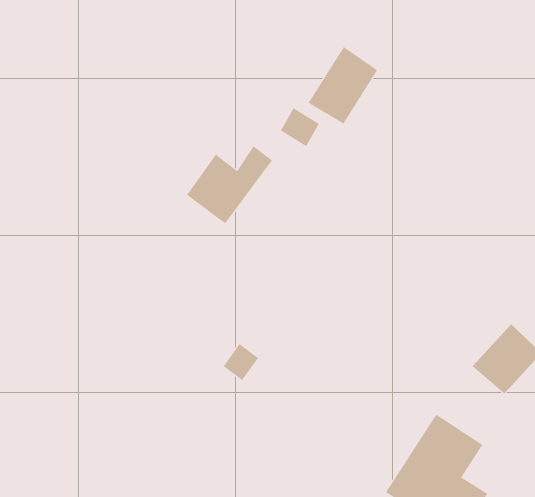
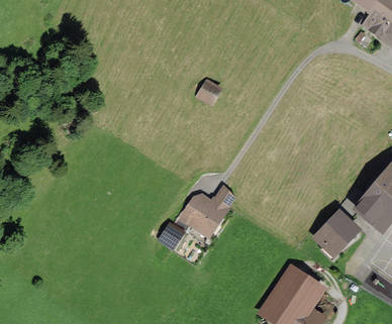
building: [308,46,378,125] -> none
building: [186,146,273,224] -> [182,188,235,236]

